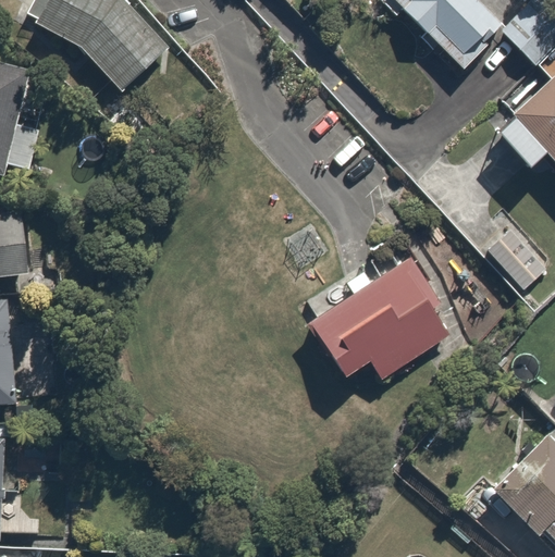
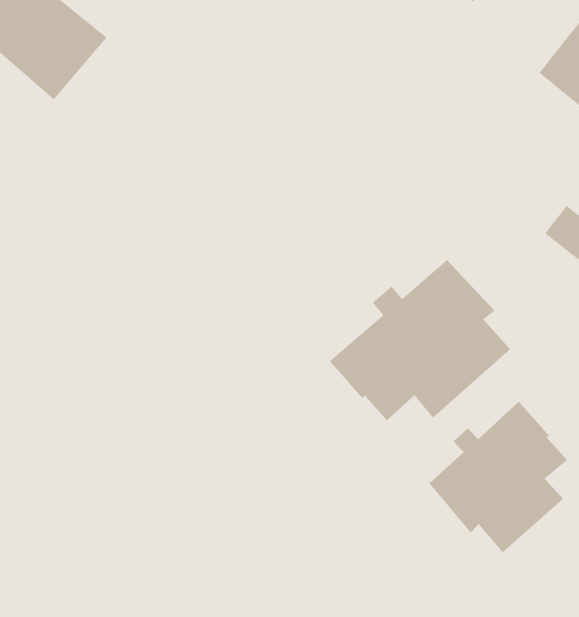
building: none -> [428,401,568,553]

